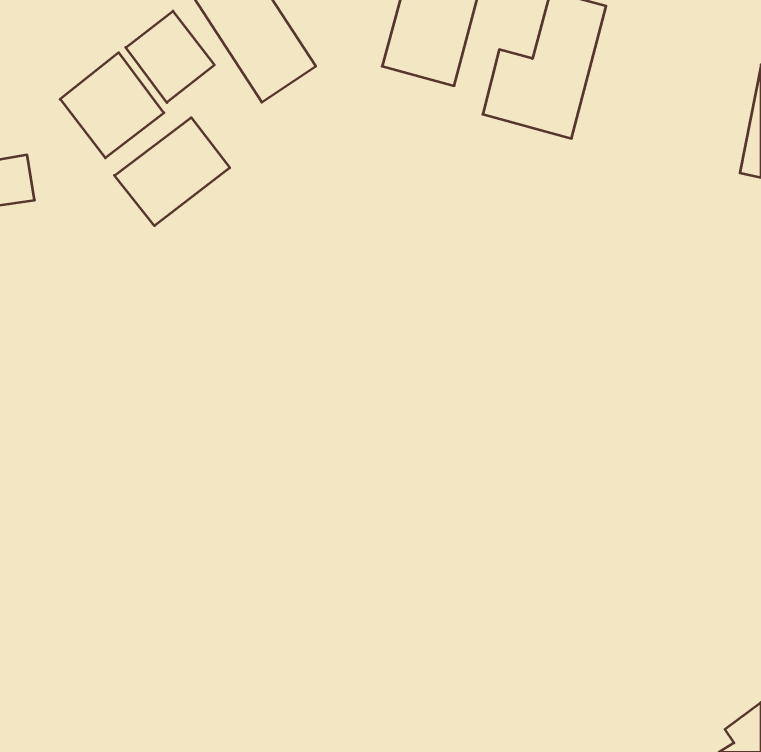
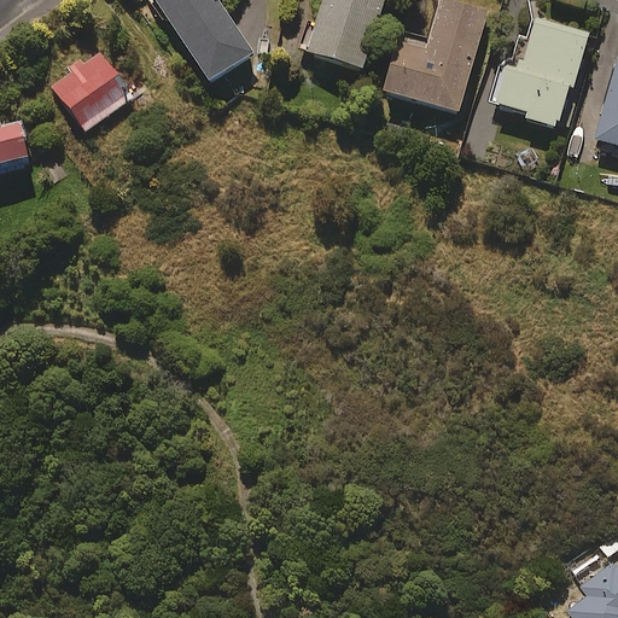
building: [126,11,214,103] -> none
building: none -> [497,13,590,126]
building: [114,118,230,226] -> none

